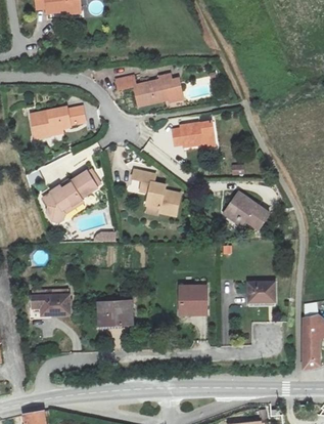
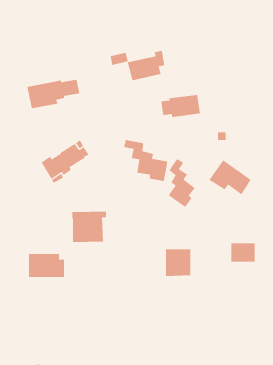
building: none -> [168,158,195,208]
building: [96,292,134,326] -> [71,211,107,243]

